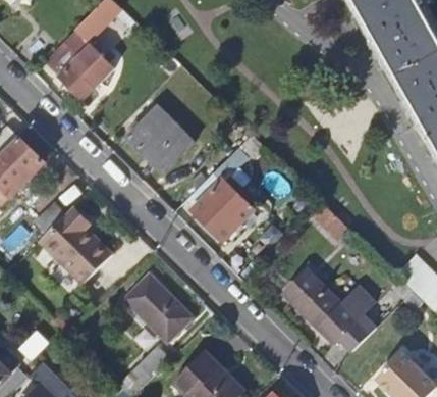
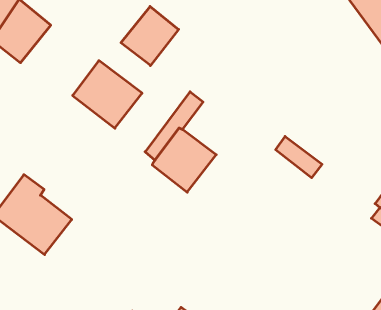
building: none -> [121,6,179,66]
building: [281,269,377,351] -> none
building: [126,275,194,342] -> none

